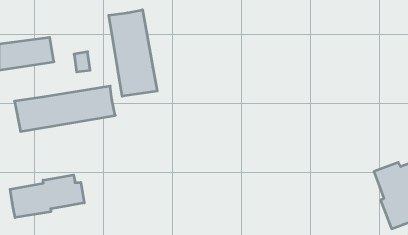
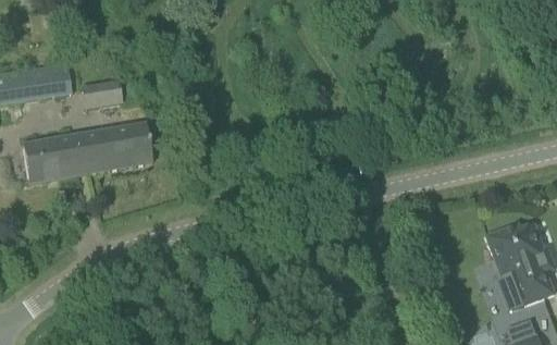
building: [109,10,157,96] -> none
building: [10,175,84,218] -> none

